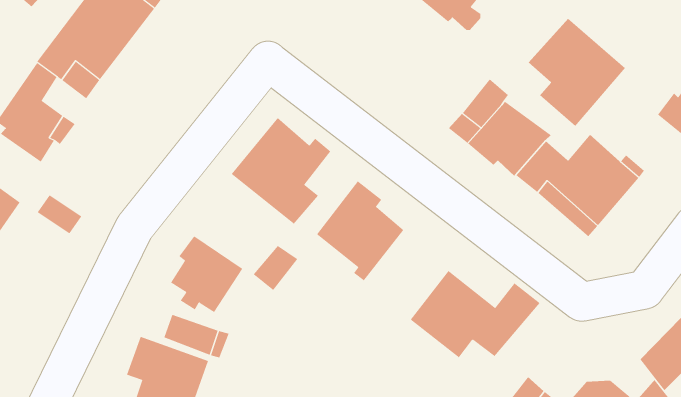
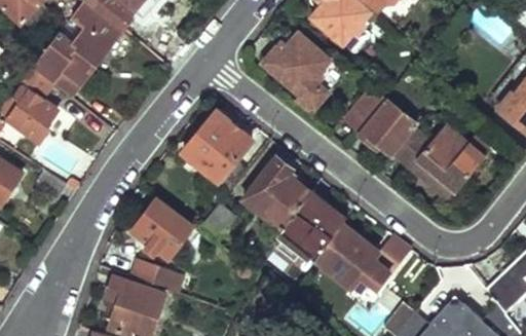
building: none -> [264,34,331,110]
building: [528,18,626,127] -> none
building: none -> [278,194,345,263]

